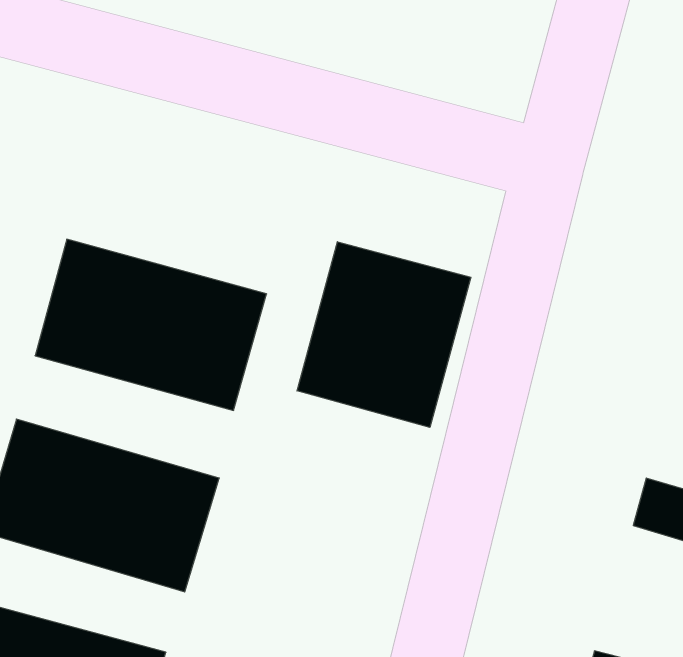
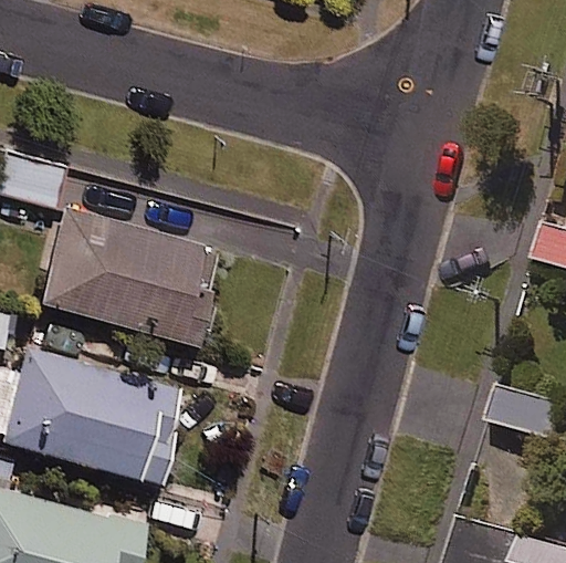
building: [297,242,471,427] -> none

